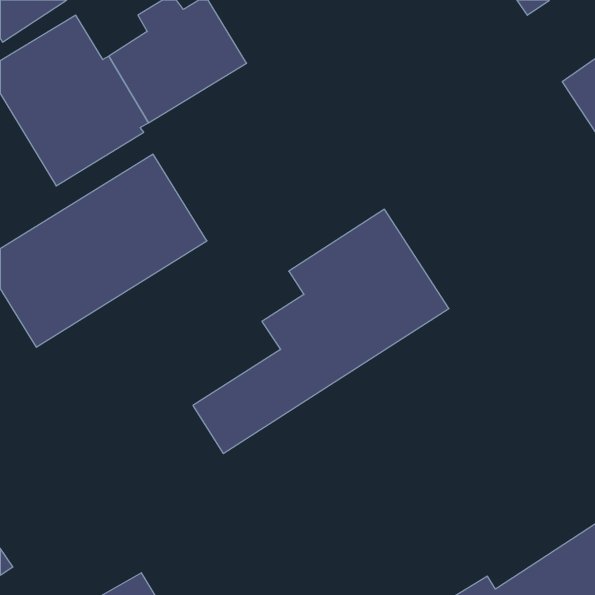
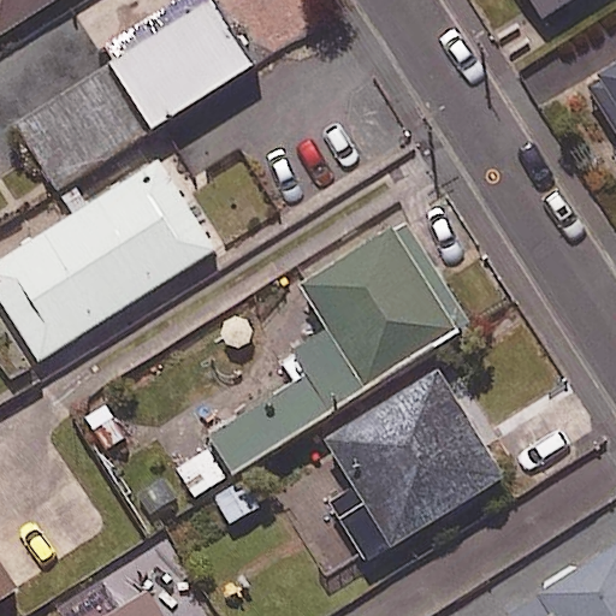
building: none -> [292,369,503,574]

